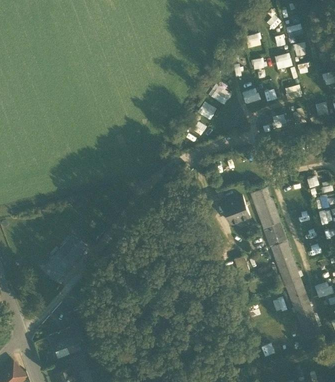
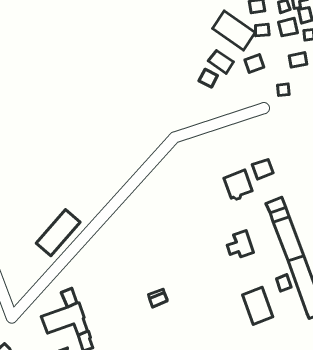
building: none -> [212,11,255,50]
building: [255,200,278,229] -> none
building: none -> [242,287,273,324]

